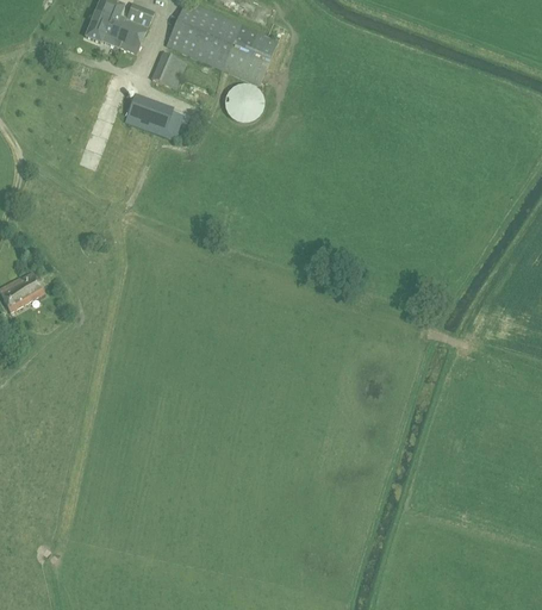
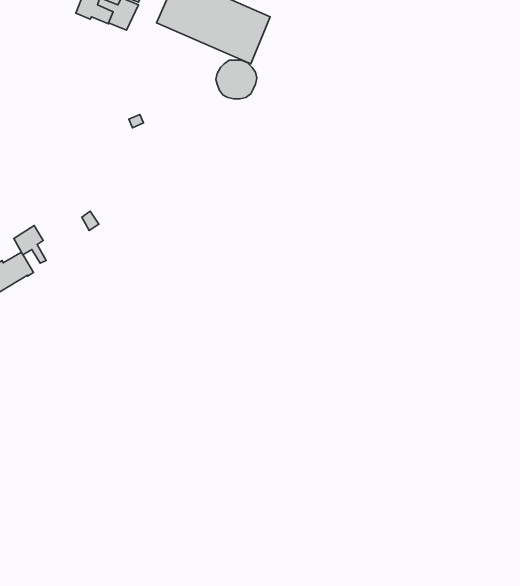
building: [151,52,187,88] -> none
building: [125,94,183,139] -> none
building: none -> [14,225,46,263]

